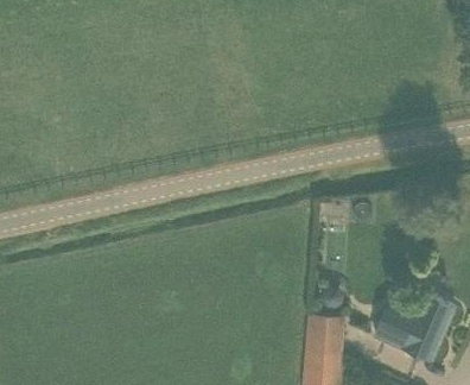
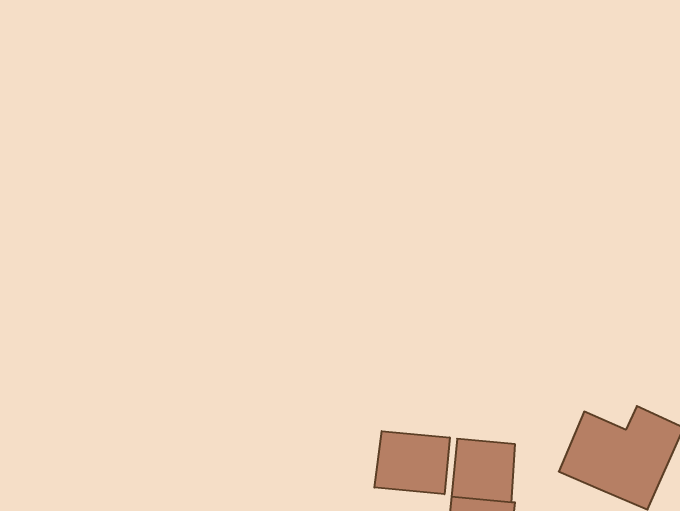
building: none -> [374,431,450,494]

